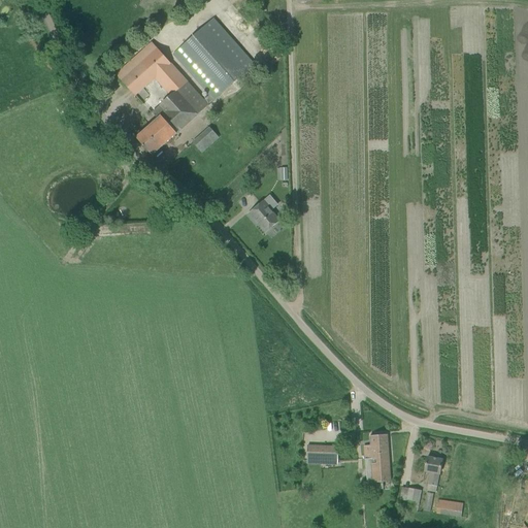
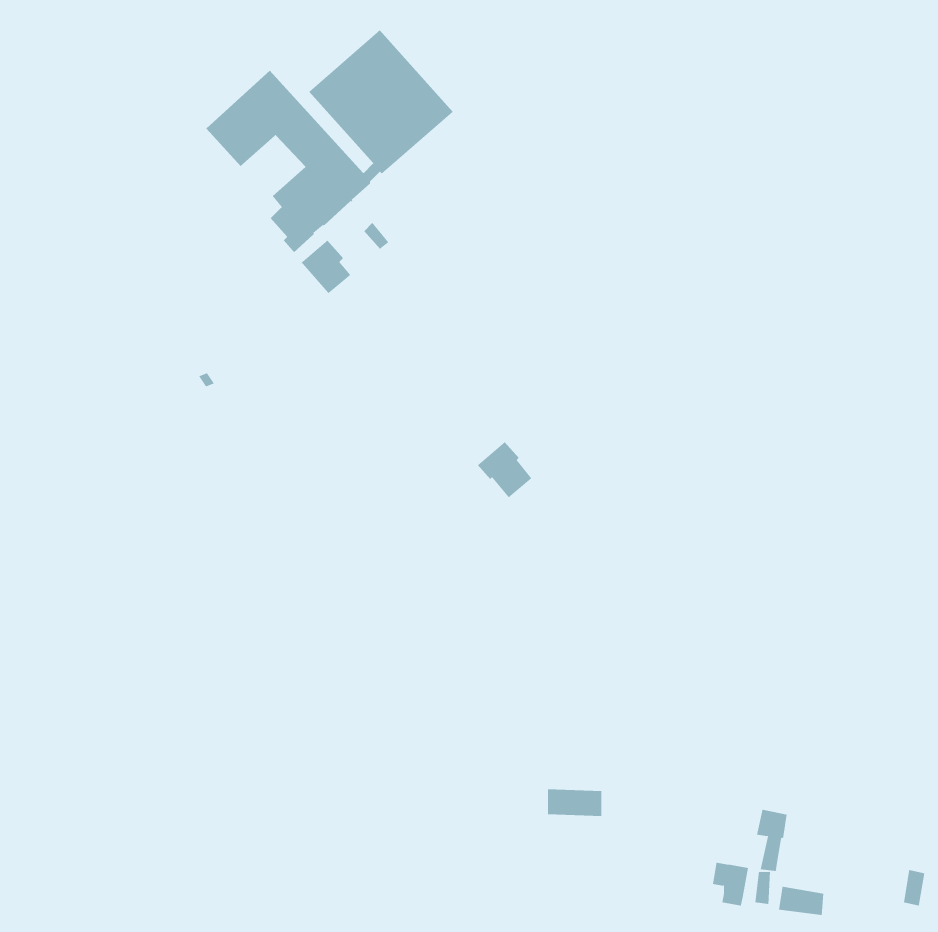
building: [136,123,165,154] -> [300,240,351,295]
building: [249,198,279,230] -> [477,441,532,498]
building: [364,432,391,482] -> none

